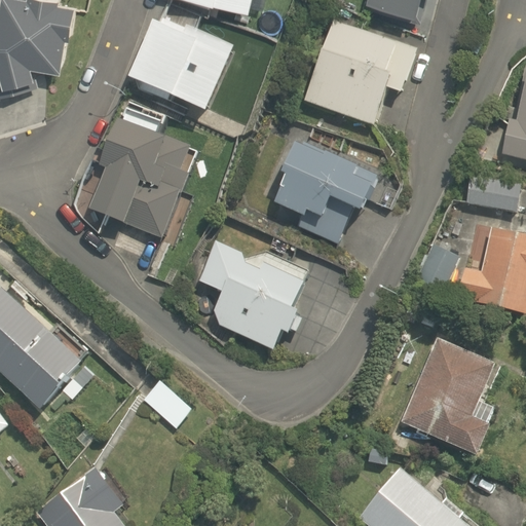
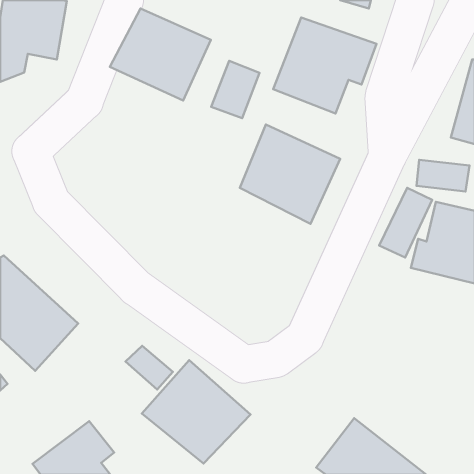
building: none -> [211,61,260,118]
building: [90,99,191,236] -> none
building: [171,227,305,352] -> none
building: [398,339,494,459] -> none
building: none -> [142,360,251,464]

